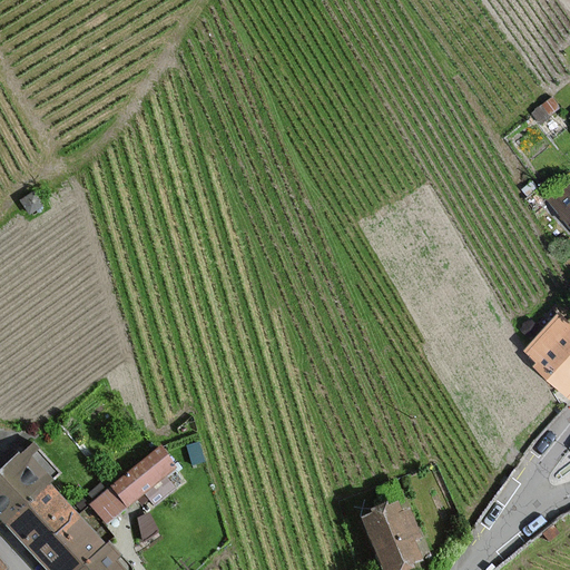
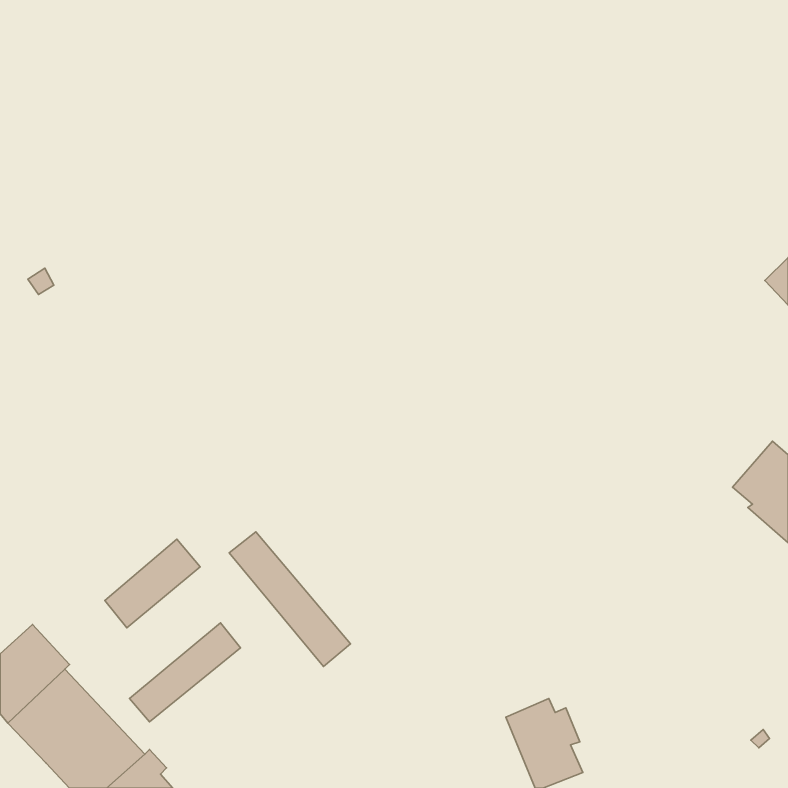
building: none -> [229,532,350,667]
building: none -> [105,539,200,628]

